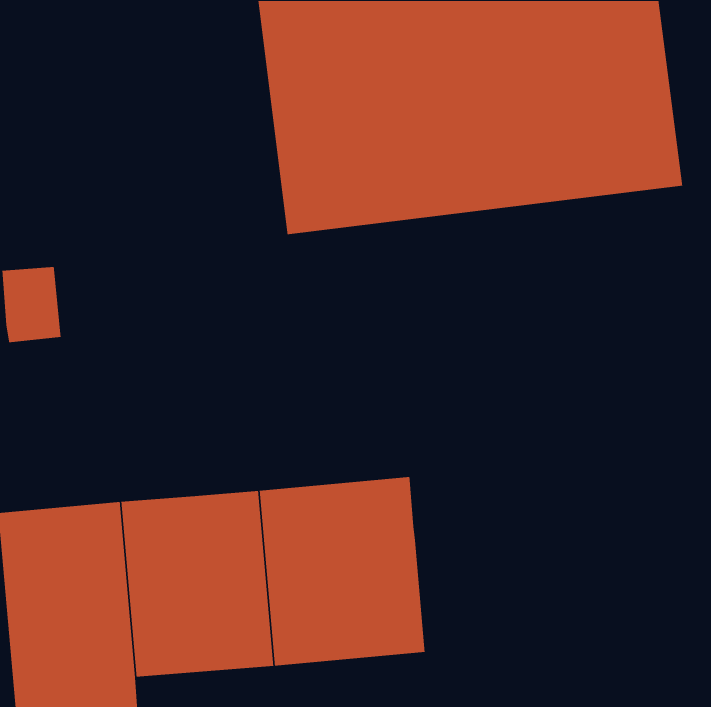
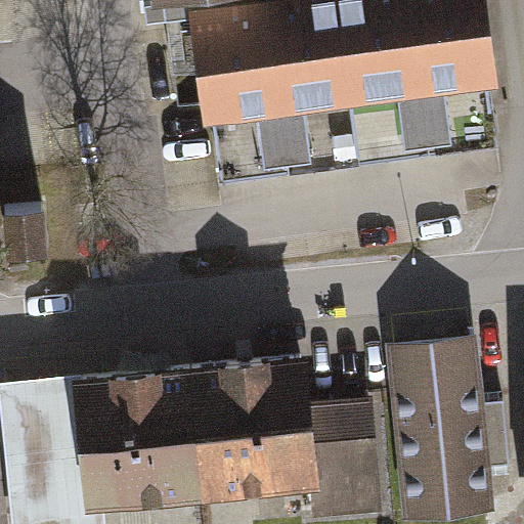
building: none -> [389,332,507,515]
building: none -> [304,396,381,519]

